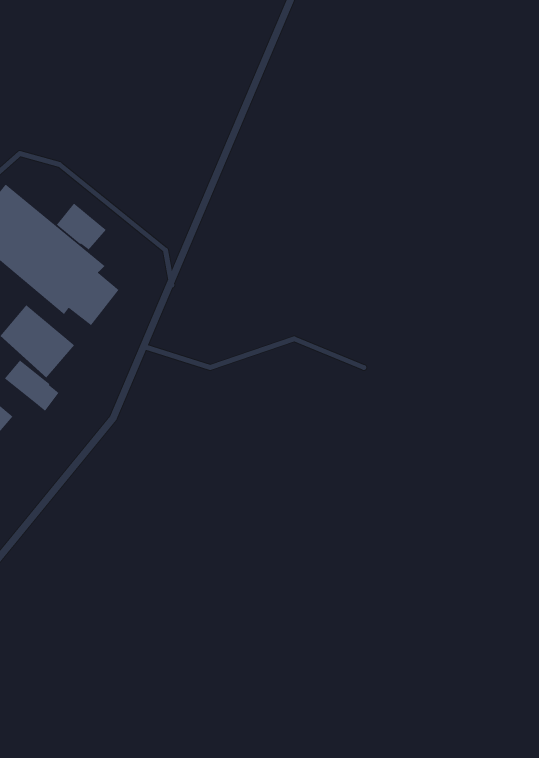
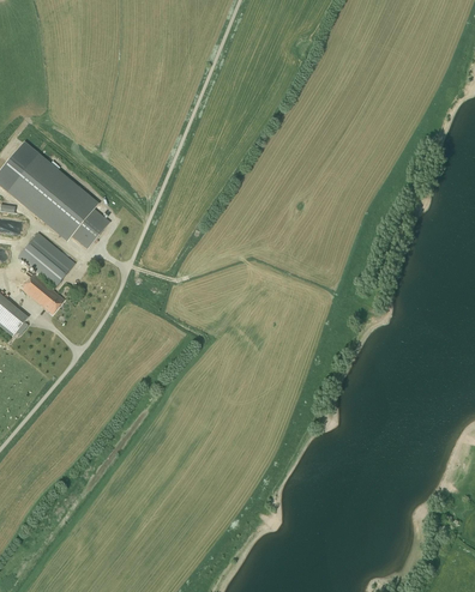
building: [56,203,107,251] -> none

